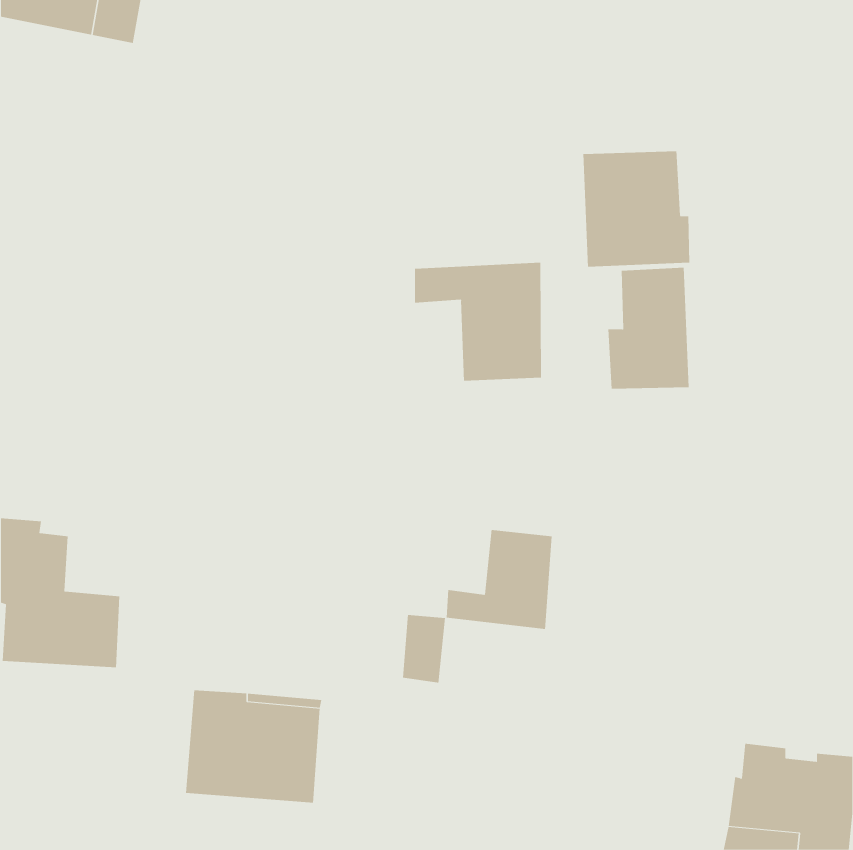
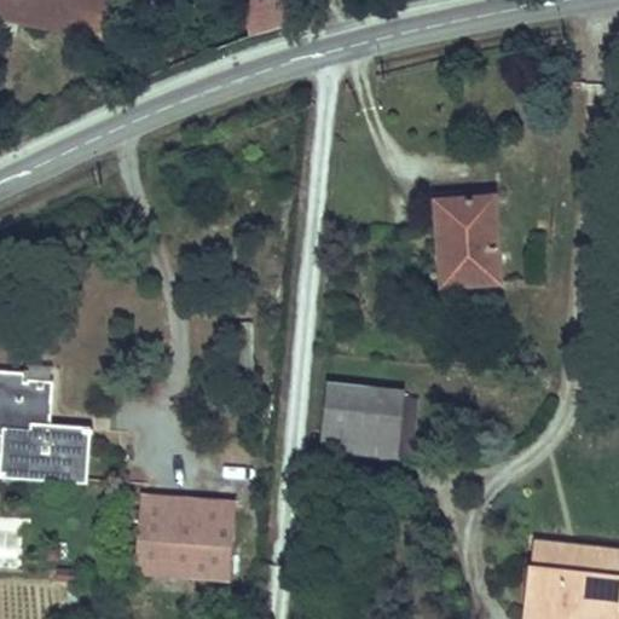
building: [583,150,690,268] -> none
building: [414,262,541,381] -> none
building: [402,615,446,683] -> [324,381,355,430]

